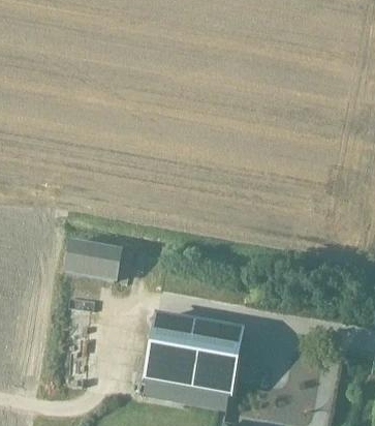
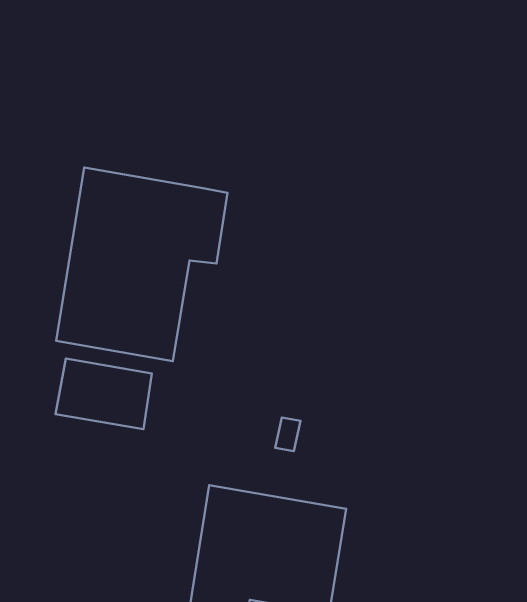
building: none -> [56,167,227,361]

